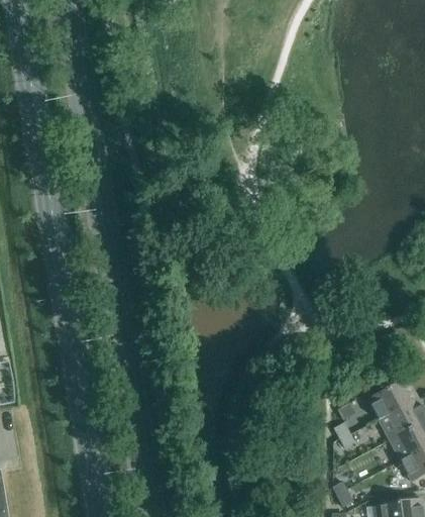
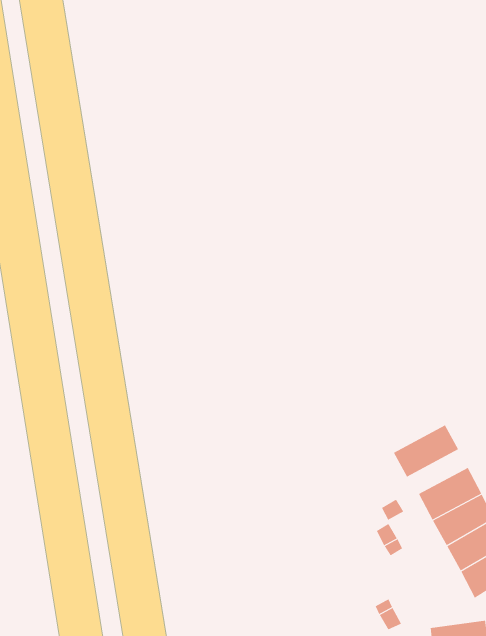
building: none -> [393,425,459,477]

